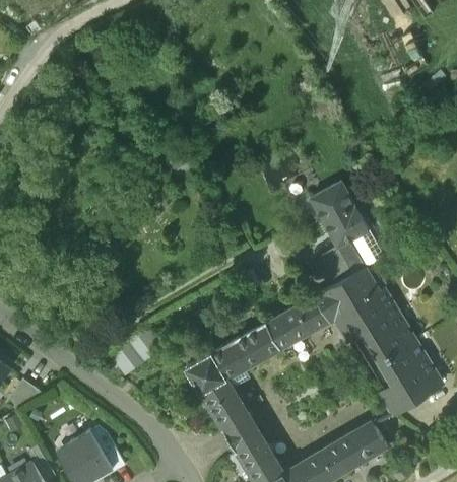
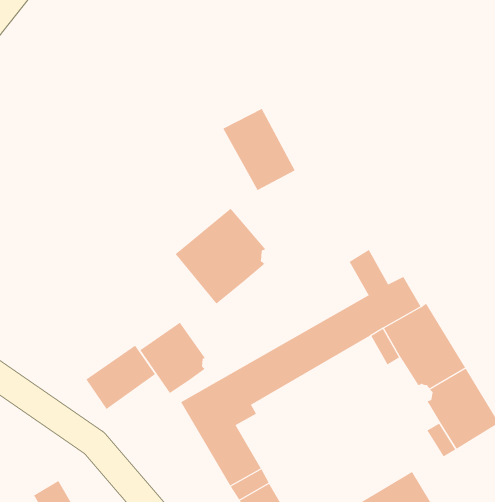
building: [310,181,368,247] -> [223,108,295,191]
building: none -> [175,208,266,304]
building: none -> [139,322,206,394]

